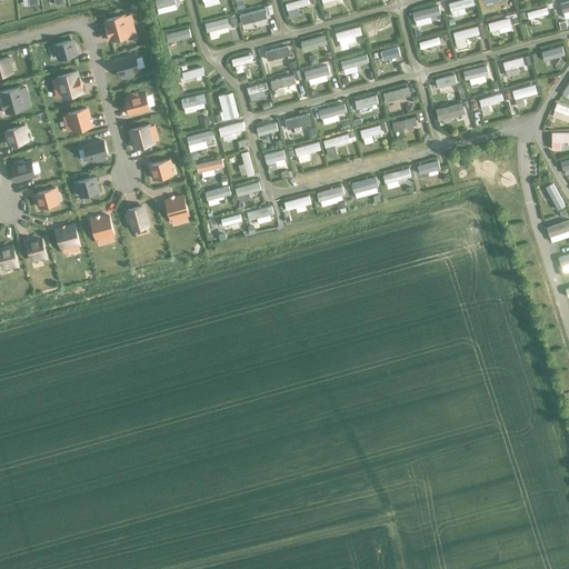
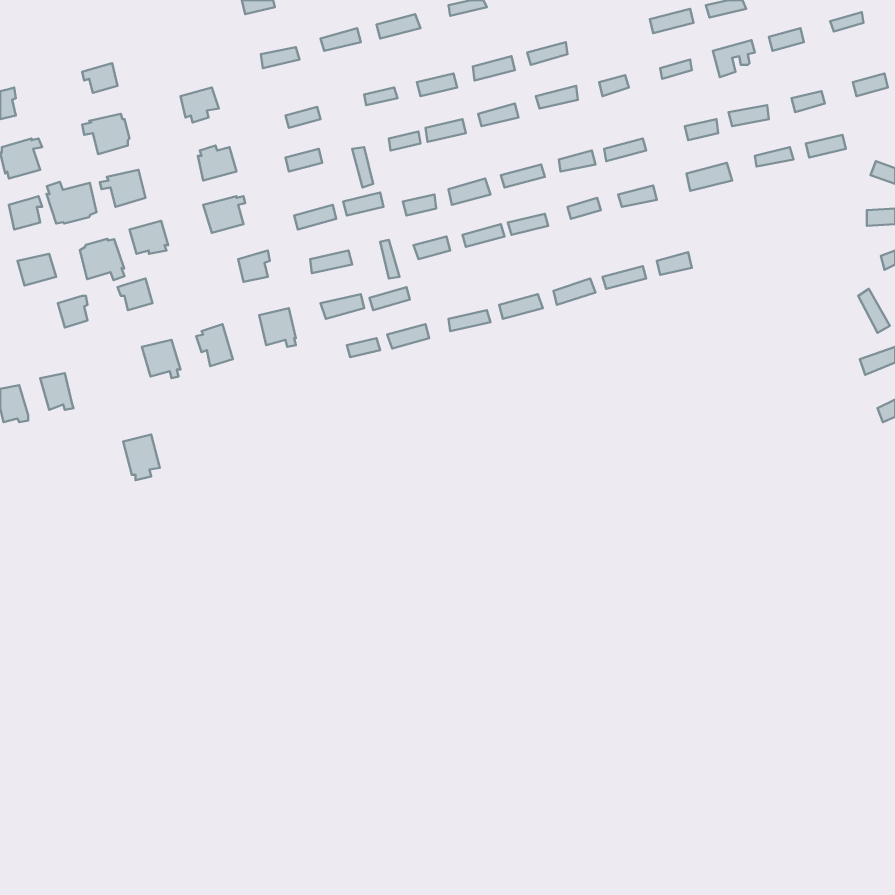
building: [104,14,131,41] -> none
building: none -> [47,182,96,224]
building: none -> [80,239,125,280]
building: [56,224,79,253] -> [123,435,160,480]

